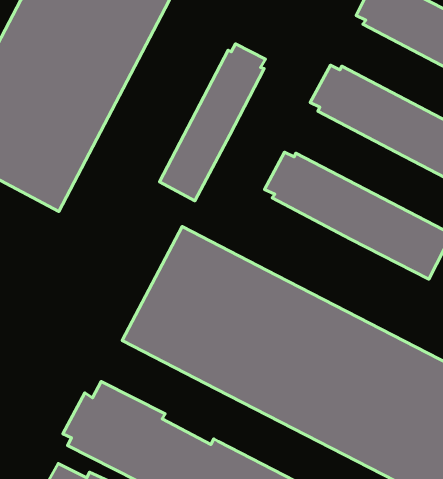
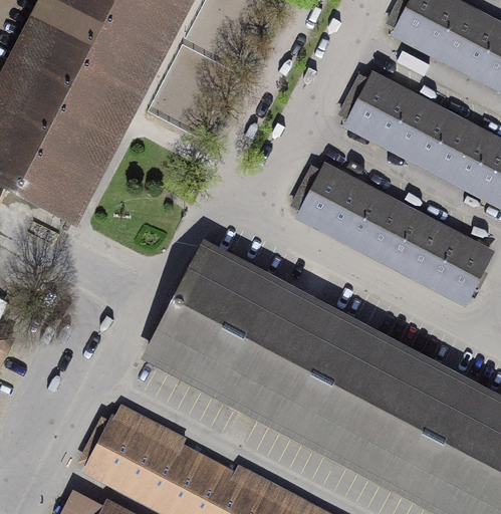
building: [159,44,266,201] -> none

